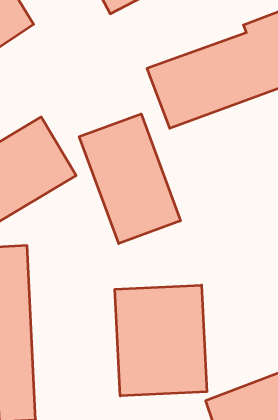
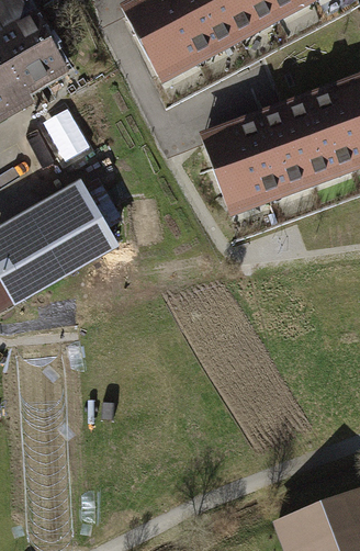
building: [79,114,180,244] -> none
building: [115,285,207,396] -> none

